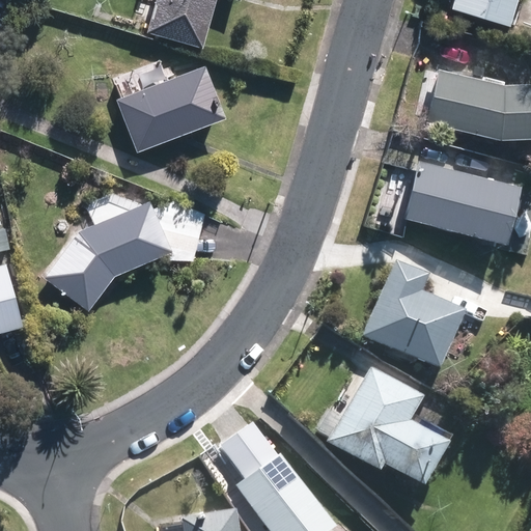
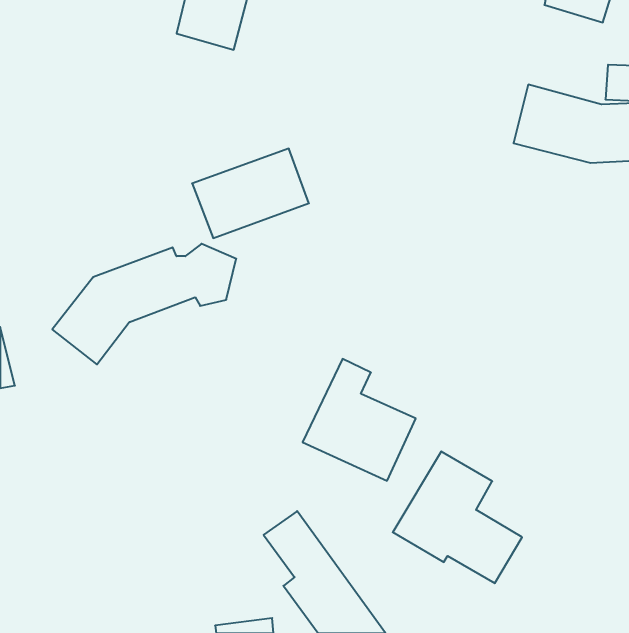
building: [121,71,219,145] -> [192,149,309,238]
building: [411,165,513,236] -> none
building: [367,268,462,369] -> [303,359,416,481]

